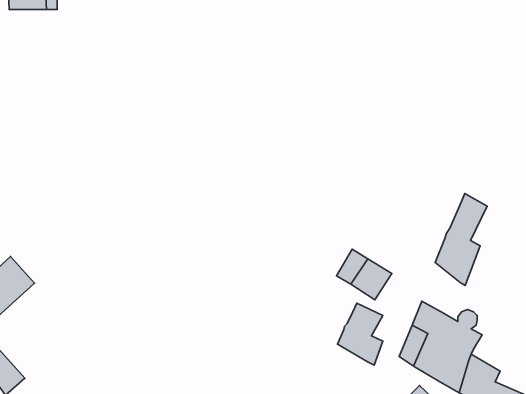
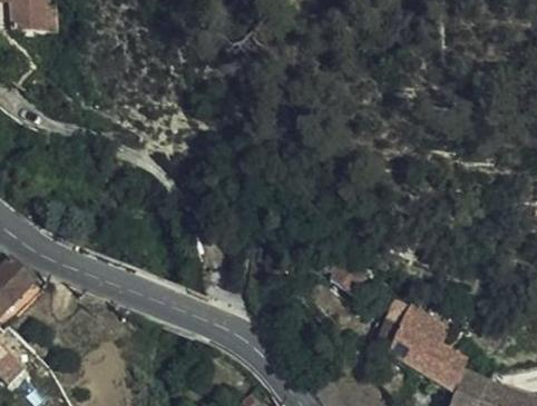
building: [435,194,487,286] -> none
building: [338,303,383,365] -> none

